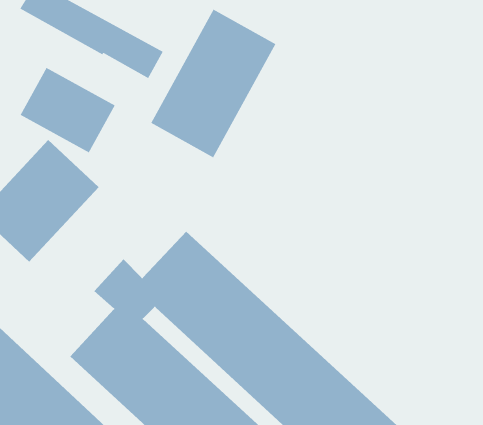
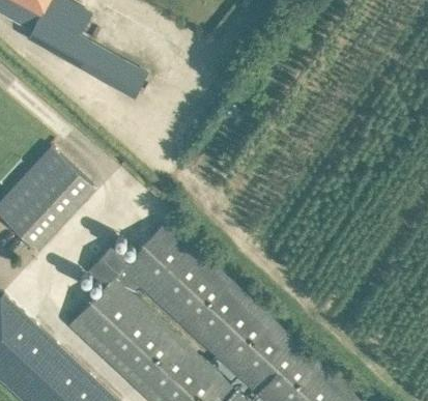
building: [150,9,277,158] -> none
building: [19,67,116,153] -> none

